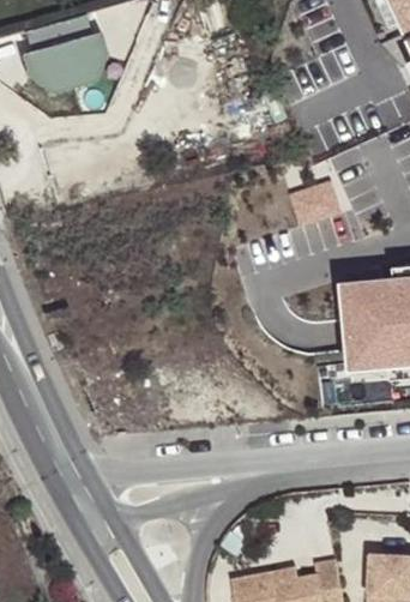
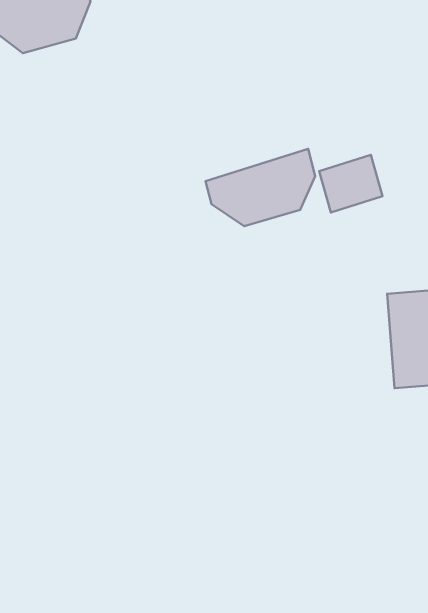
building: none -> [206,149,315,226]

